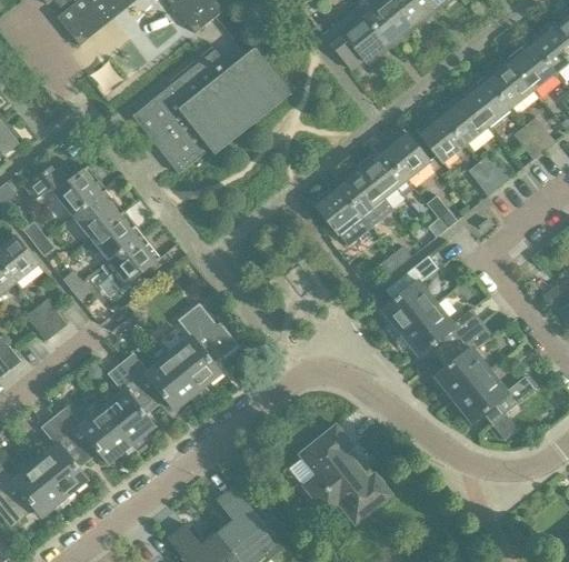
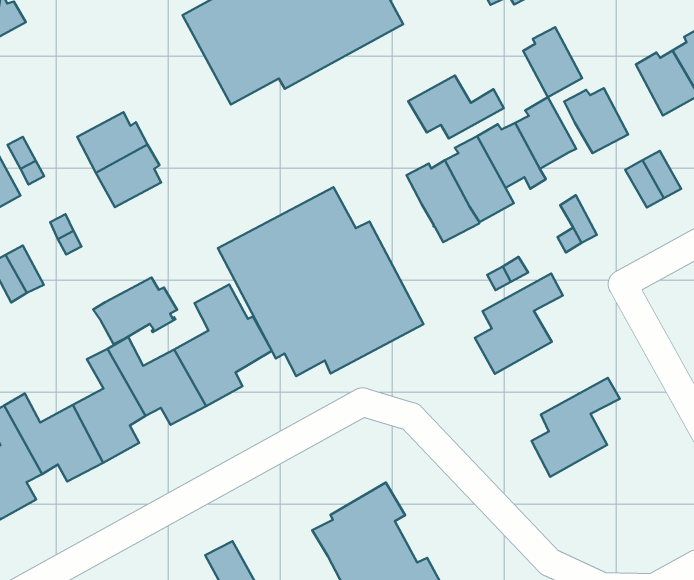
building: [442,94,488,145] -> [523,27,582,97]
building: none -> [408,75,504,138]
building: [24,165,102,215] -> none
building: none -> [218,187,423,376]
building: [100,238,160,290] -> [93,278,177,344]
building: [400,303,481,357] -> none
building: [452,370,536,424] -> none

